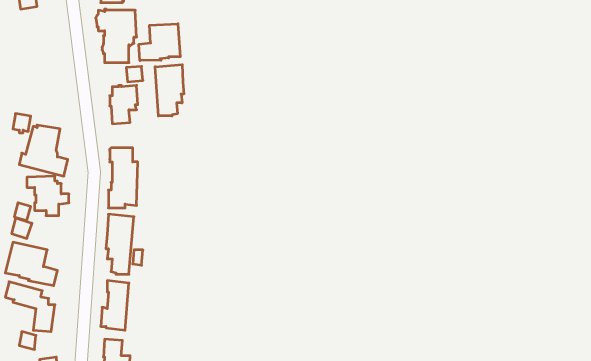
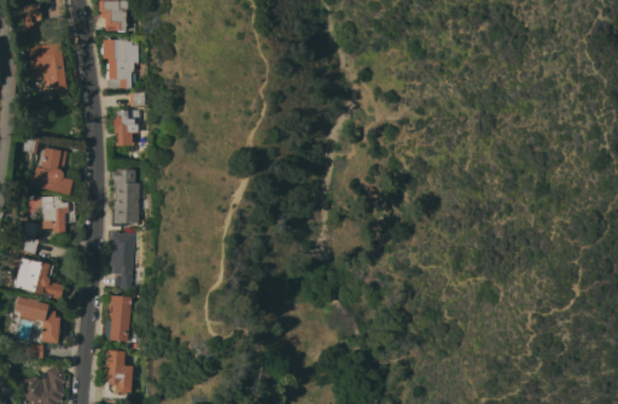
building: none -> [28,42,68,90]
building: [139,24,180,61] -> none
building: [155,65,184,116] -> none

